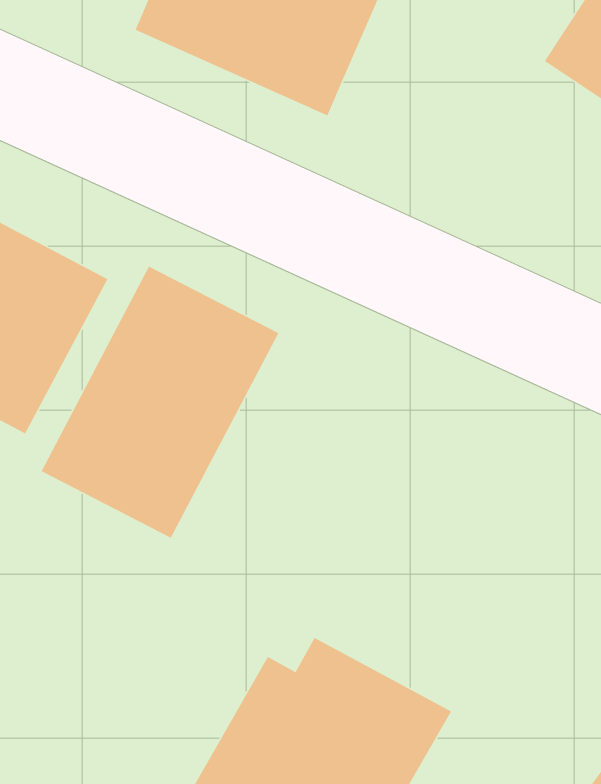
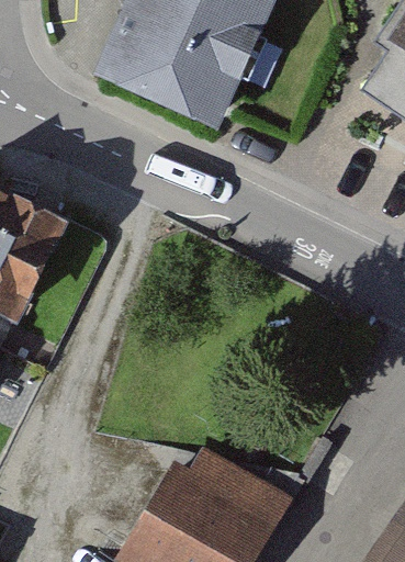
building: [40,266,279,539] -> none

